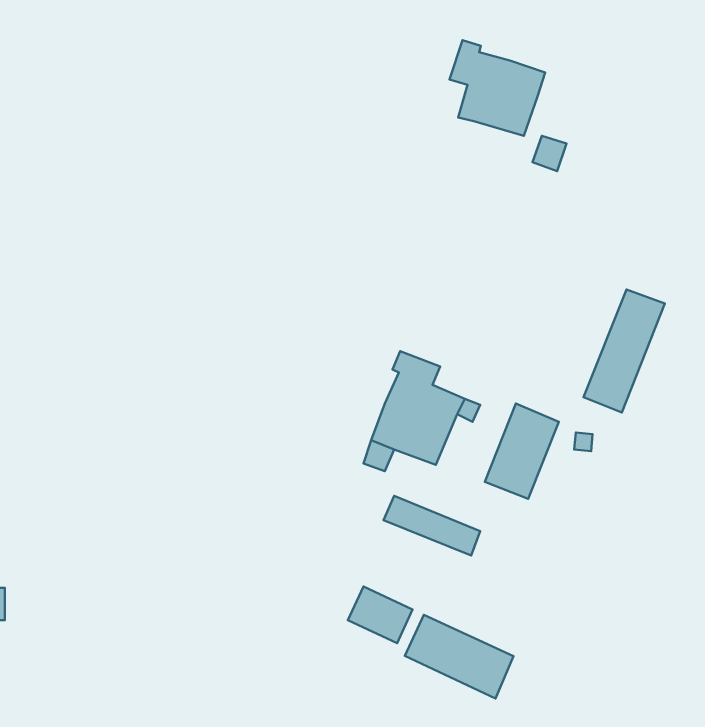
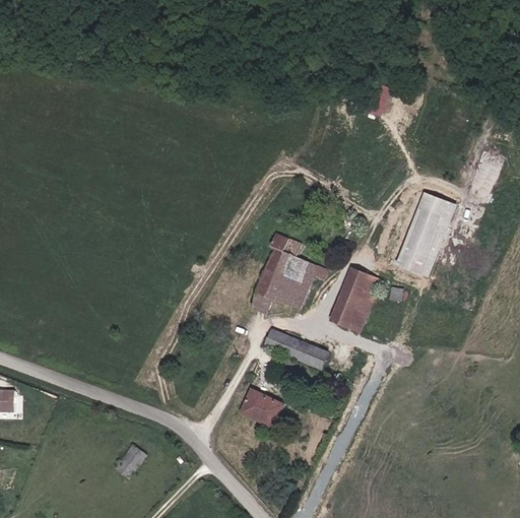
building: [450,40,545,136] -> none
building: [405,615,514,699] -> none
building: none -> [116,445,145,477]

